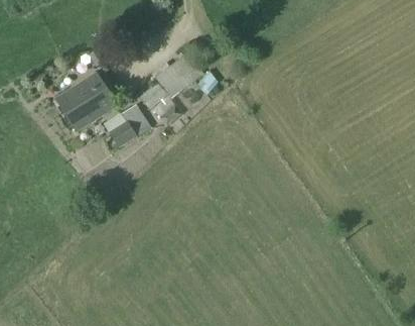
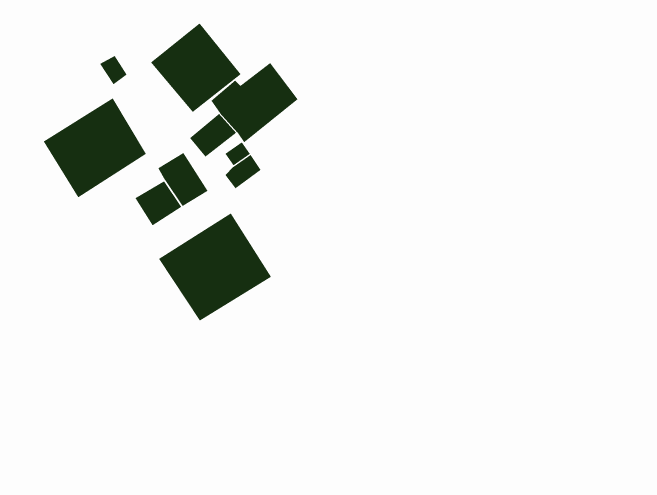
building: none -> [150,22,242,113]
building: none -> [158,212,272,322]

